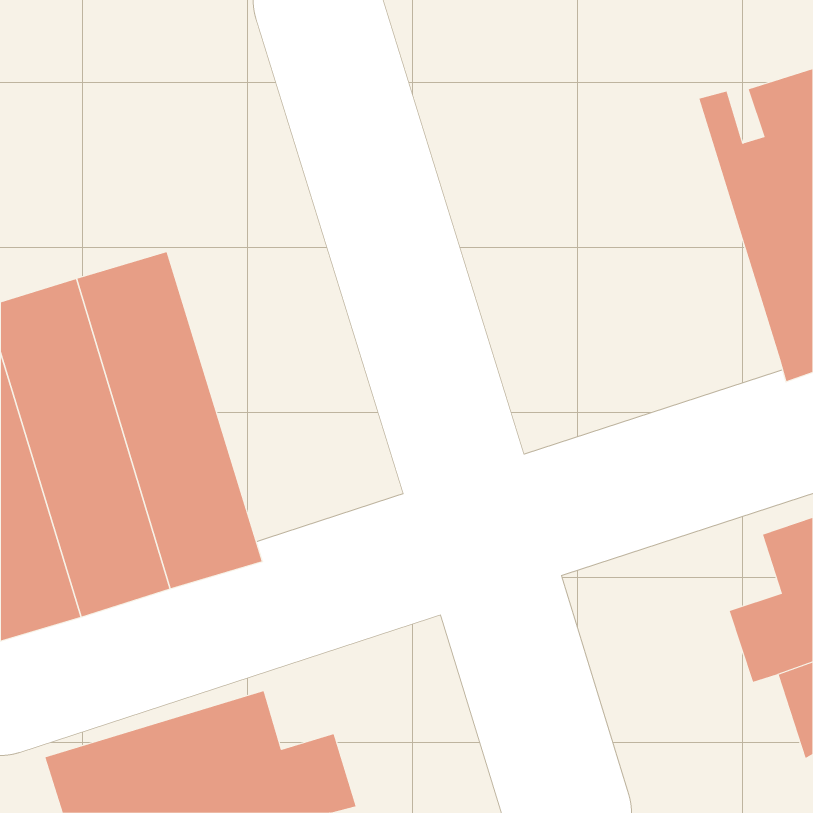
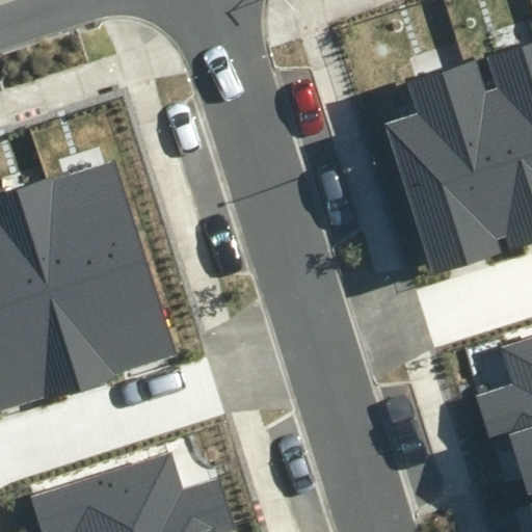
building: none -> [383,64,509,273]

